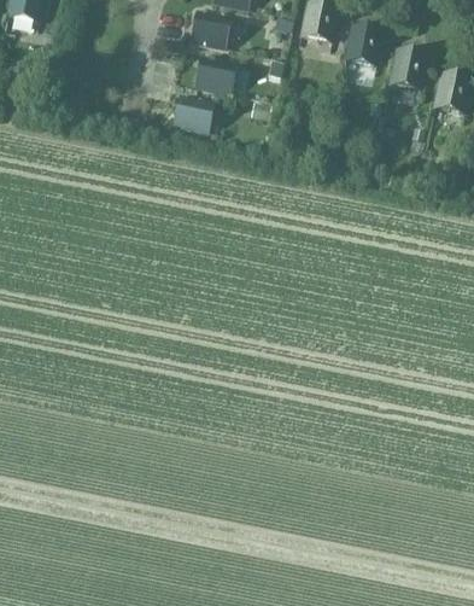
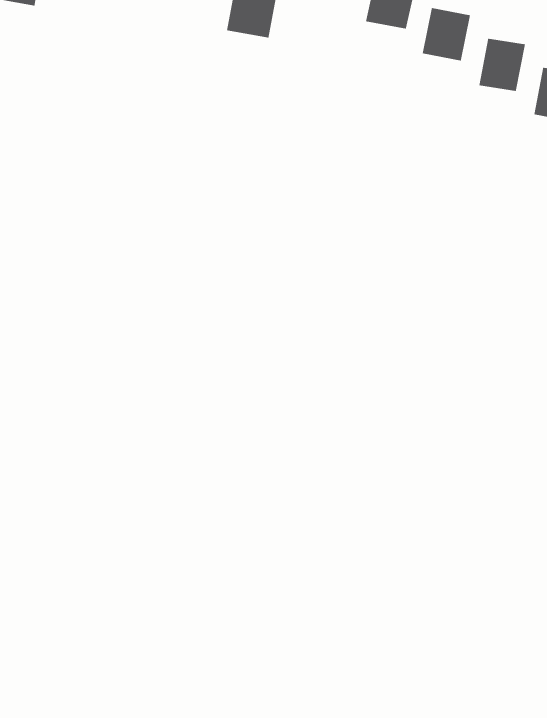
building: [197,58,235,93] -> none
building: [174,97,212,134] -> none

